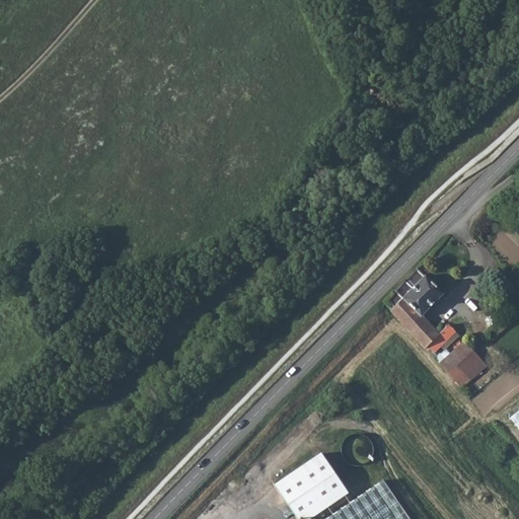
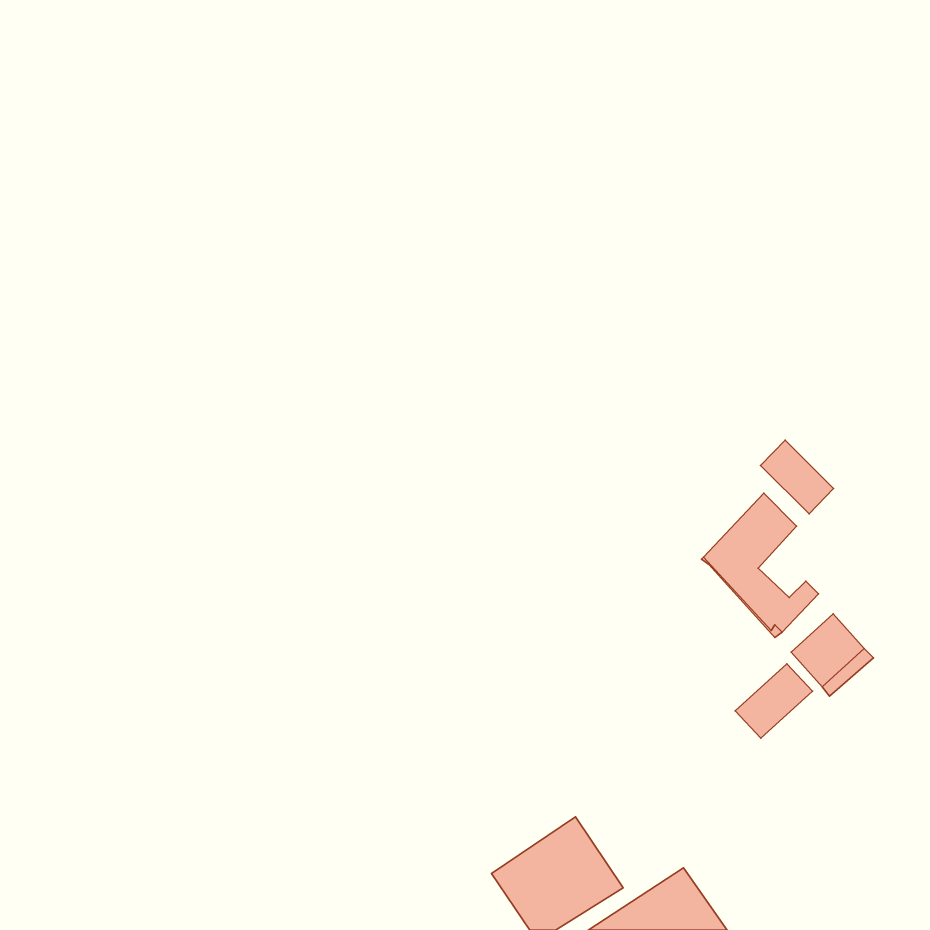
building: none -> [761,440,834,514]
building: none -> [735,664,812,738]

